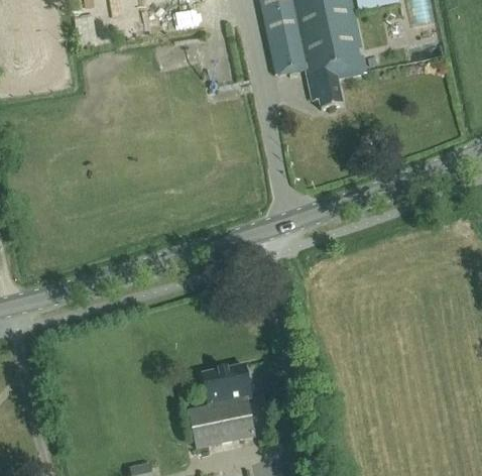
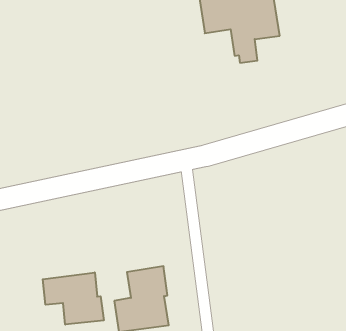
building: none -> [43,272,104,325]

